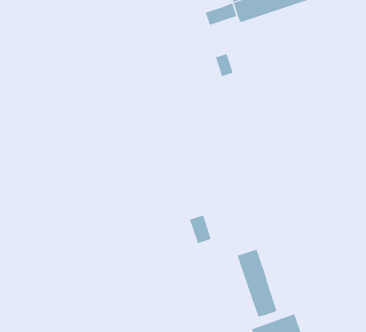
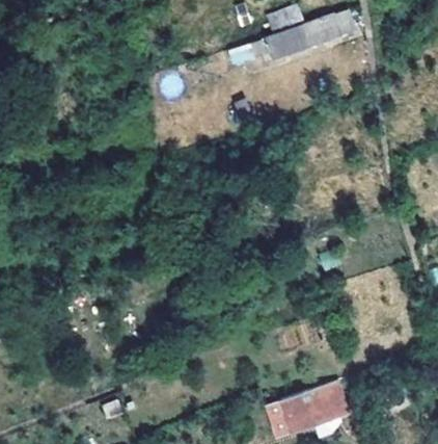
building: [237,249,277,318] -> none

